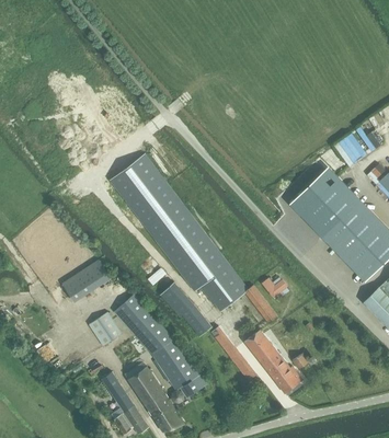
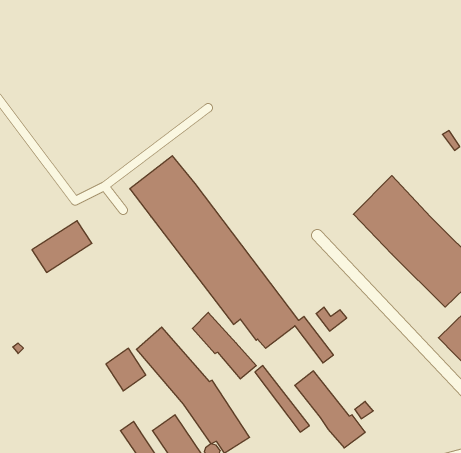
building: [61,260,111,302] -> [32,221,92,272]

